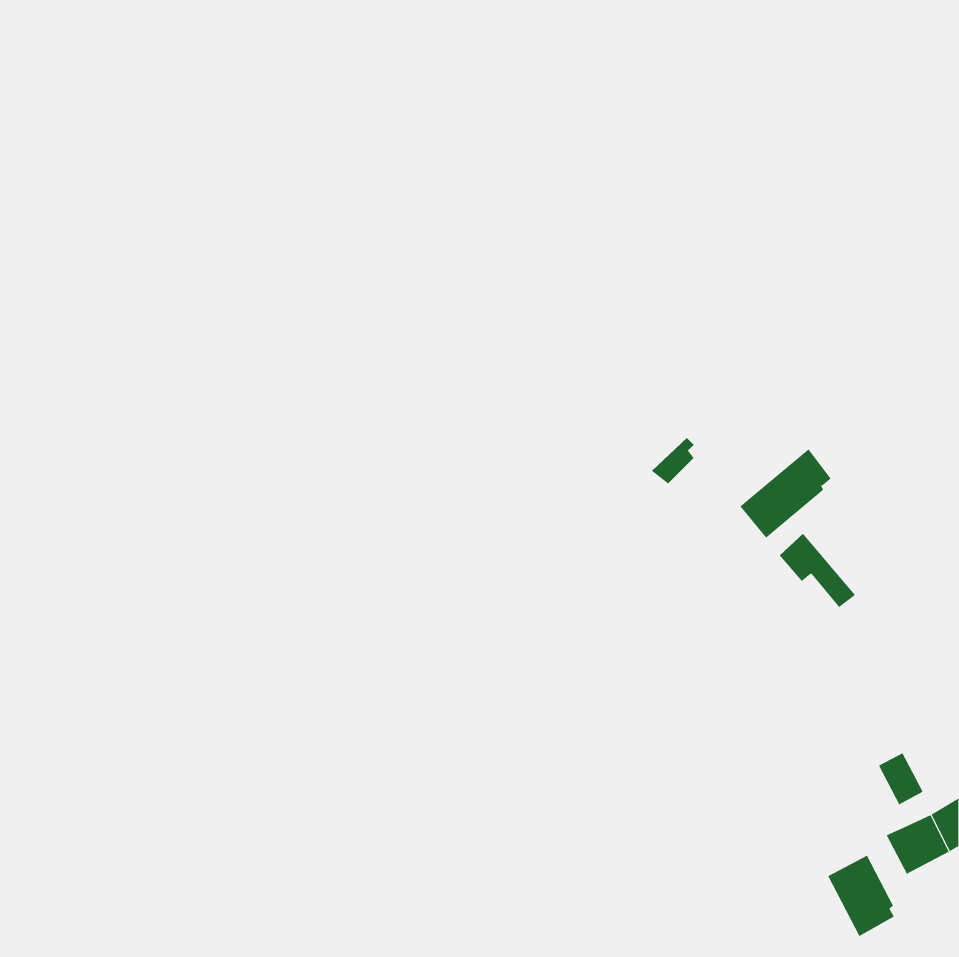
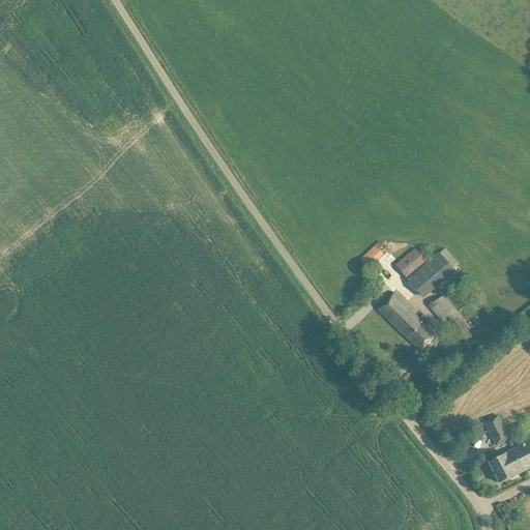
building: none -> [395,247,425,276]
building: none -> [377,291,437,350]
building: [827,855,895,937] -> none

